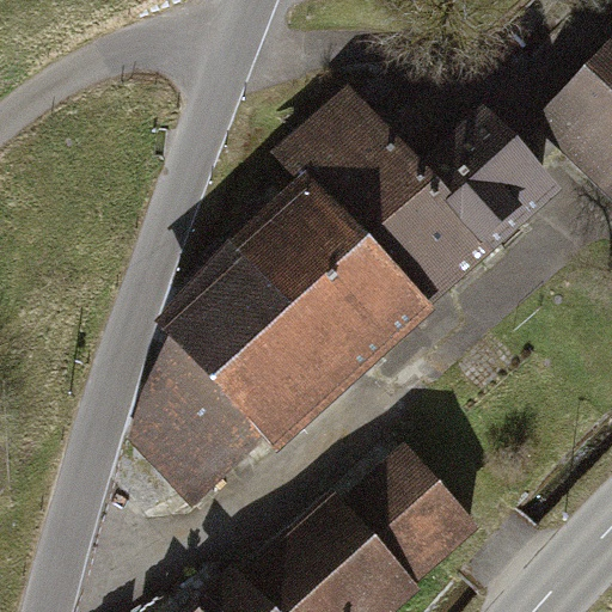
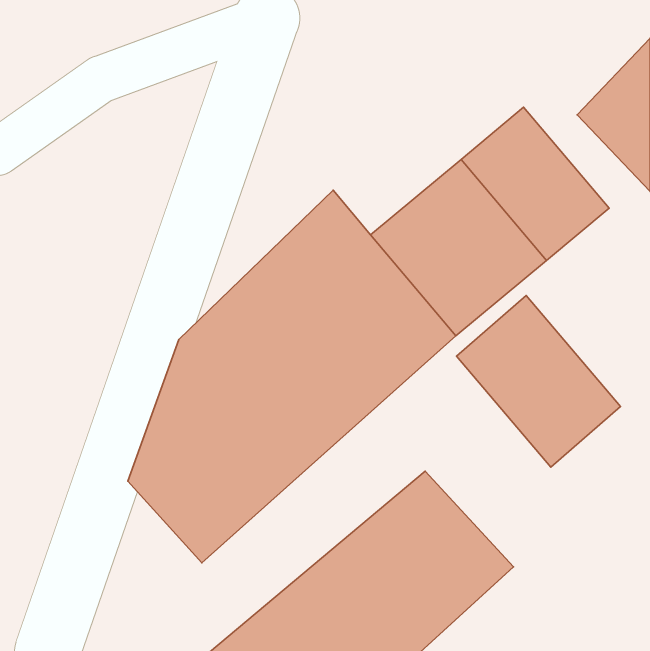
building: [281,73,432,221] -> none
building: none -> [456,295,620,467]

